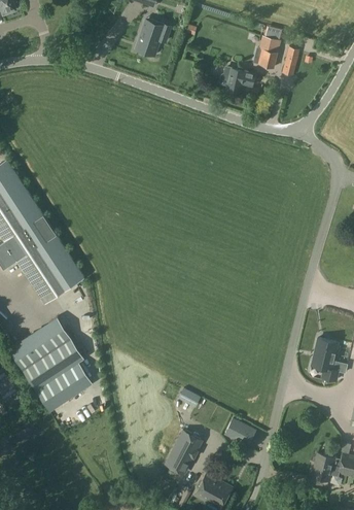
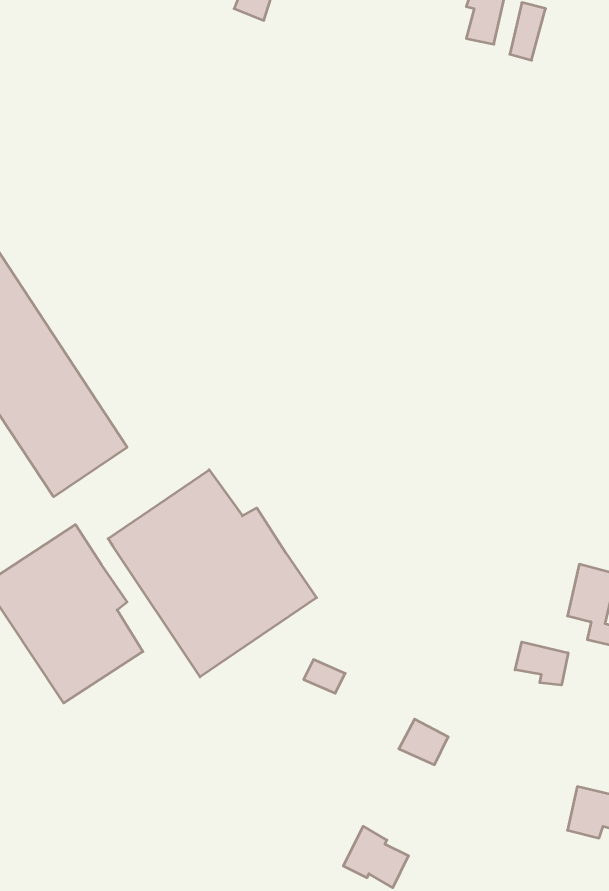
building: [220,68,254,94] -> none
building: none -> [108,470,317,677]
building: none -> [515,642,568,685]
building: [164,430,203,475] -> none

